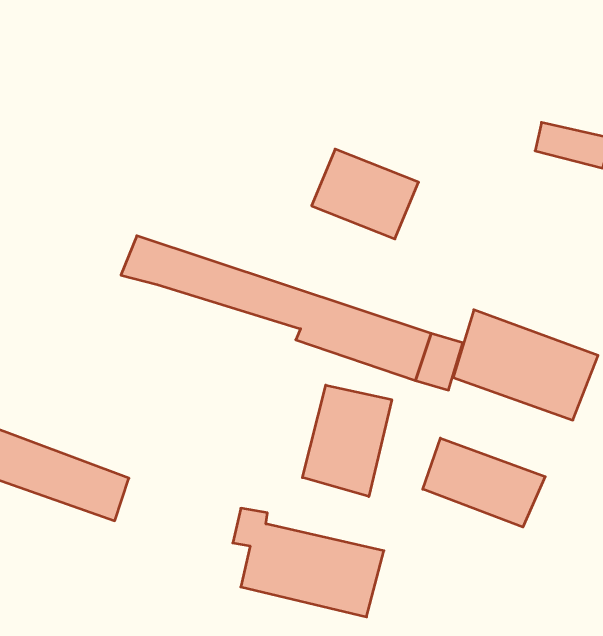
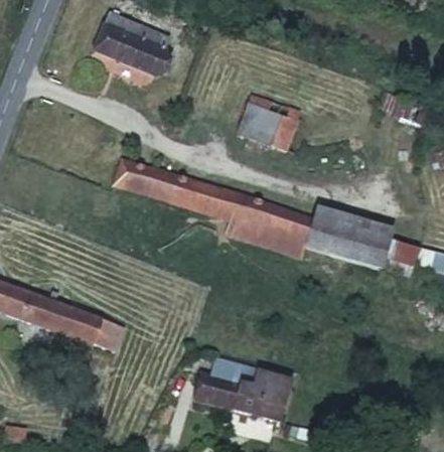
building: none -> [98,18,172,79]
building: [302,385,392,497] -> none
building: [423,438,545,527] -> none

